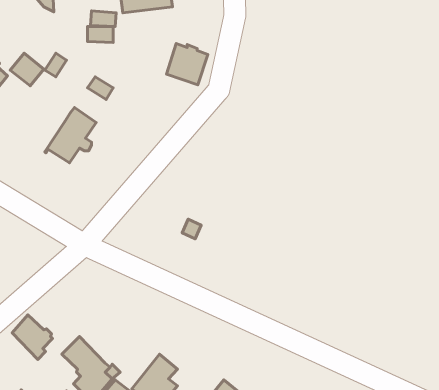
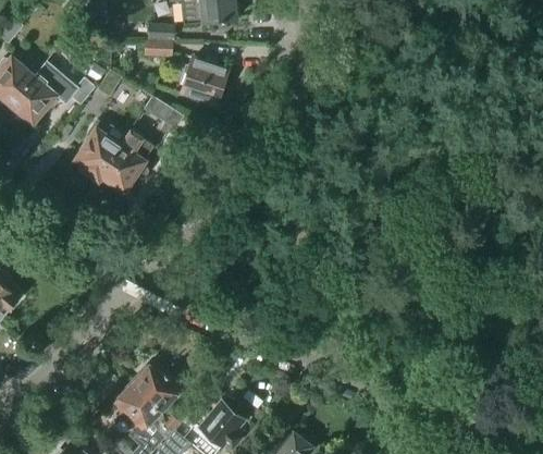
building: [166,43,208,85] -> [181,59,226,105]
building: none -> [75,121,124,180]
building: [12,315,53,359] -> [134,364,178,413]

